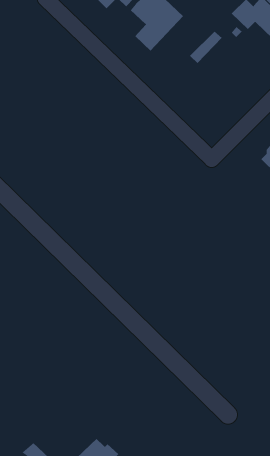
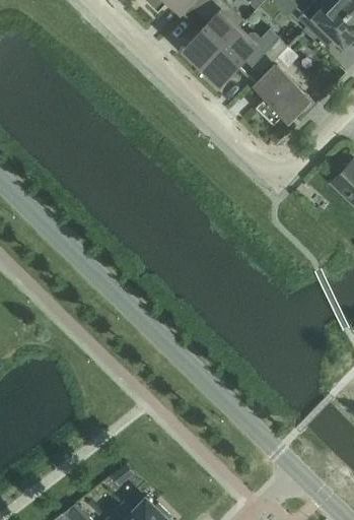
building: none -> [207,21,256,77]
building: none -> [256,66,316,125]

